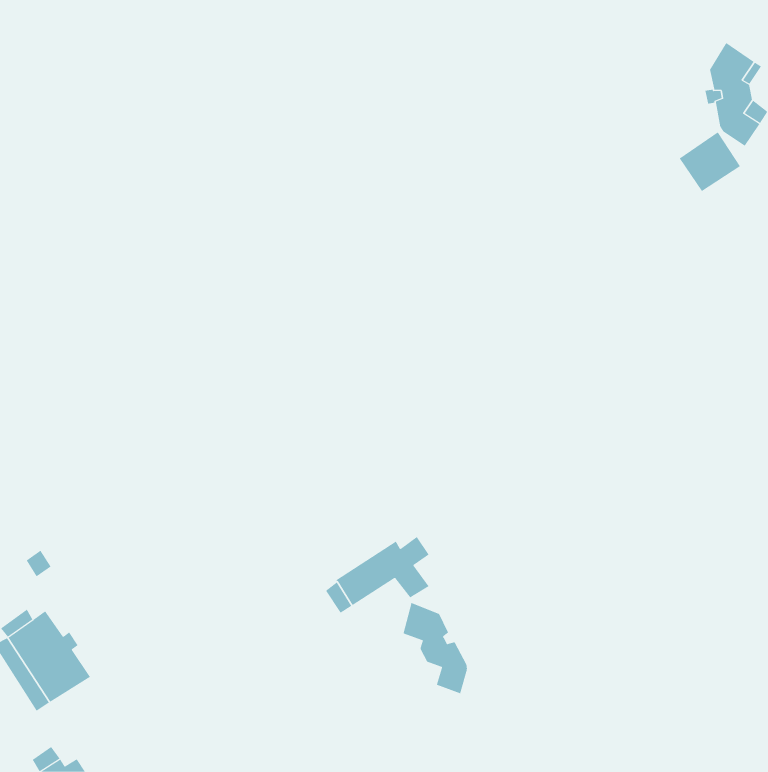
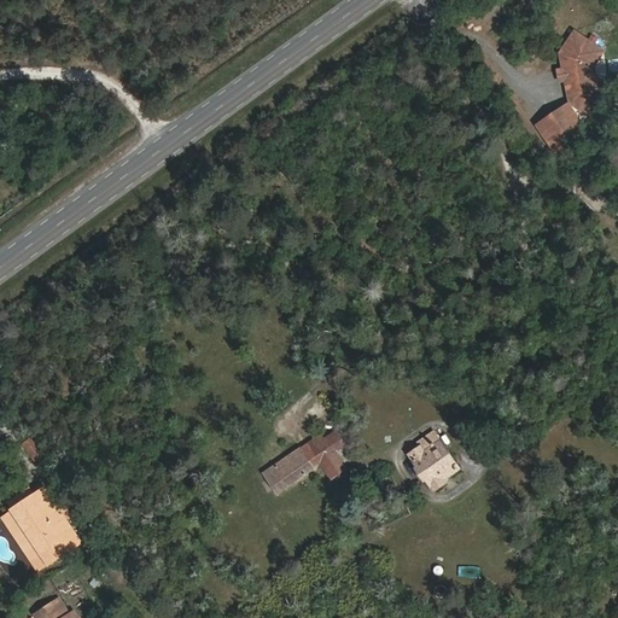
building: none -> [406,433,456,491]
building: [403,602,467,694] -> none

